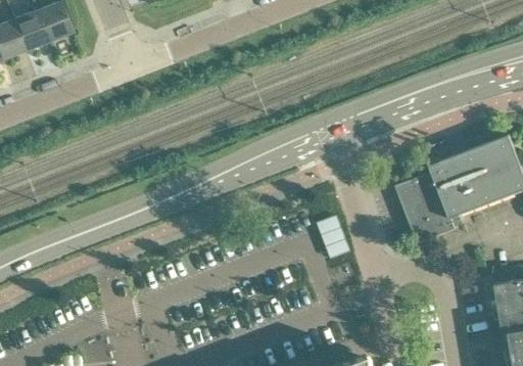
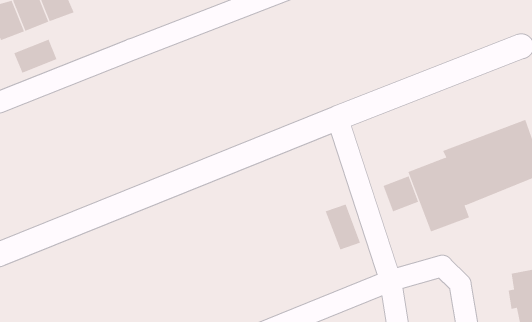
building: none -> [14,39,57,74]
building: none -> [383,176,419,212]

